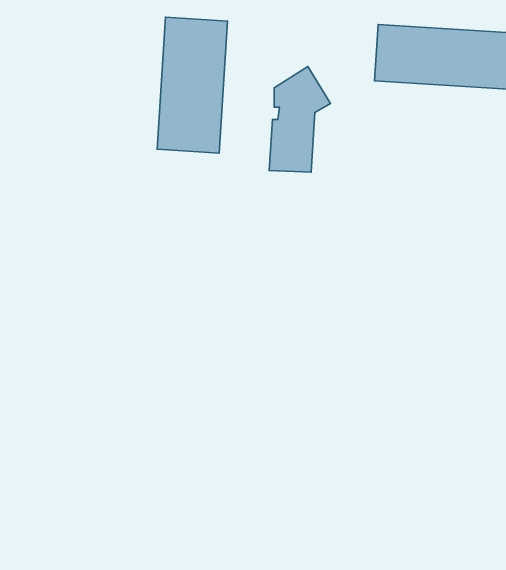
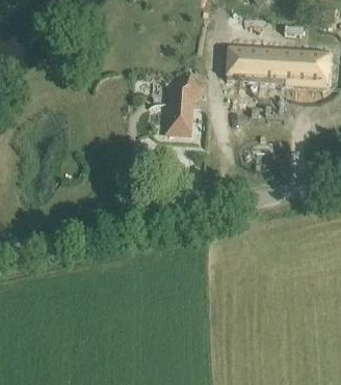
building: [157,17,227,153] -> none

